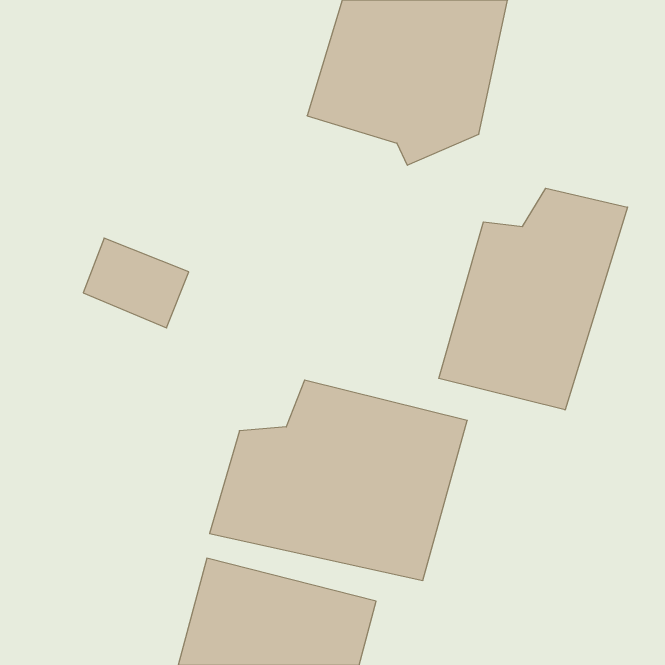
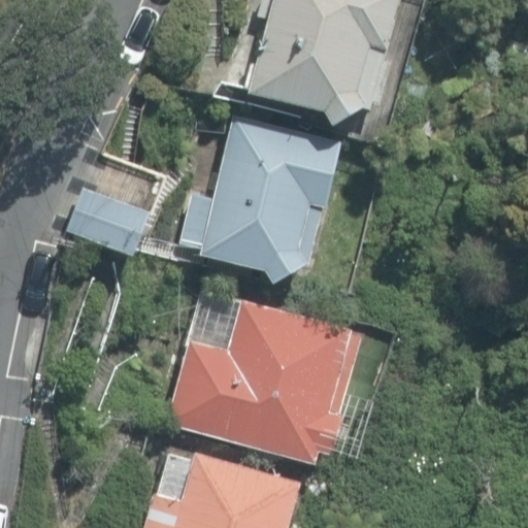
building: none -> [184,116,348,278]
building: [439,188,628,410] -> none

